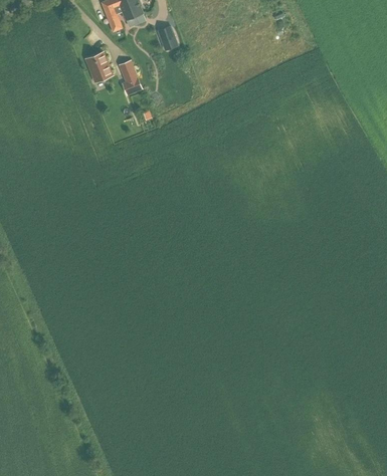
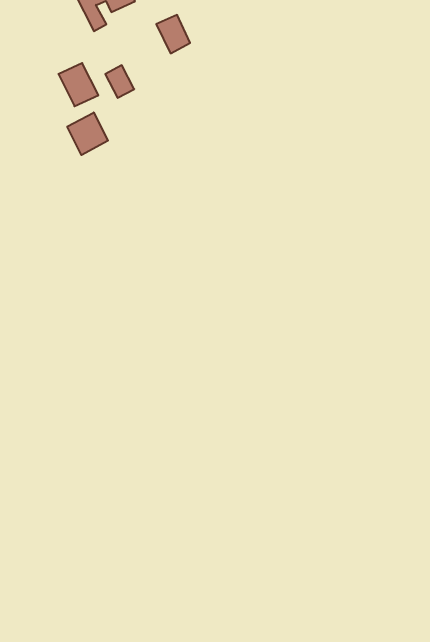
building: none -> [67,112,108,155]

